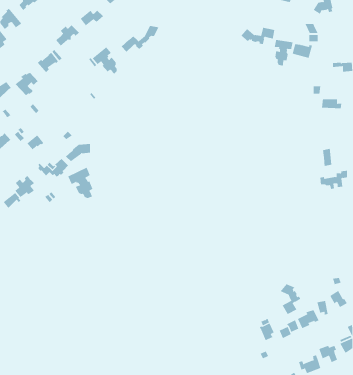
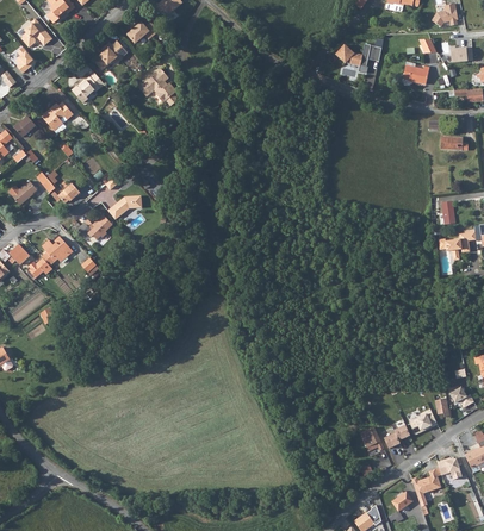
building: [121,25,159,52] -> none
building: [274,39,293,67] -> none
building: [68,167,93,199] -> none
building: [280,283,301,315] -> none

